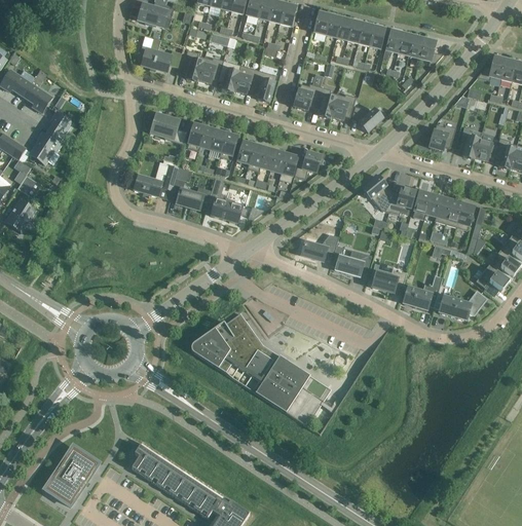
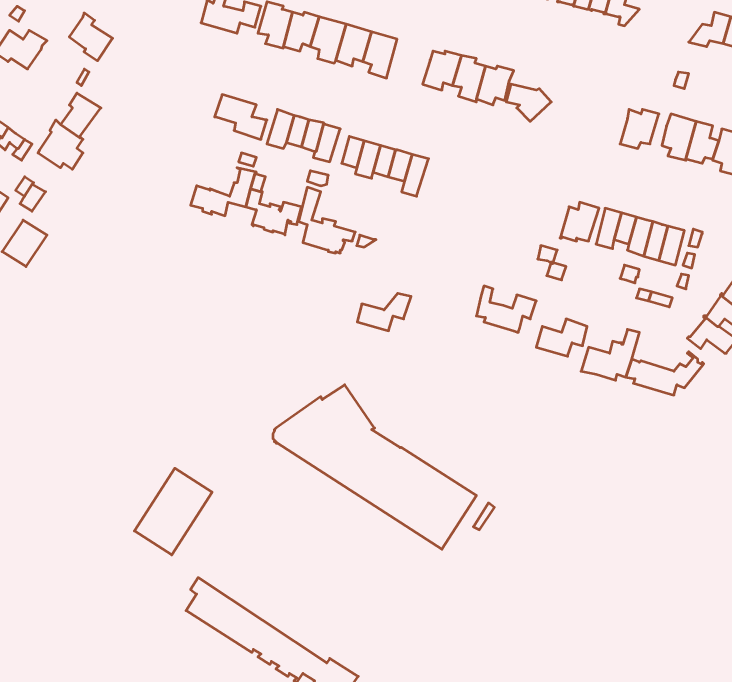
building: [23,79,52,112] -> [69,13,113,61]
building: [294,151,321,178] -> none
building: [363,176,395,212] -> none
building: [302,234,339,260] -> [357,293,411,331]
building: [45,446,99,505] -> [134,468,212,555]

